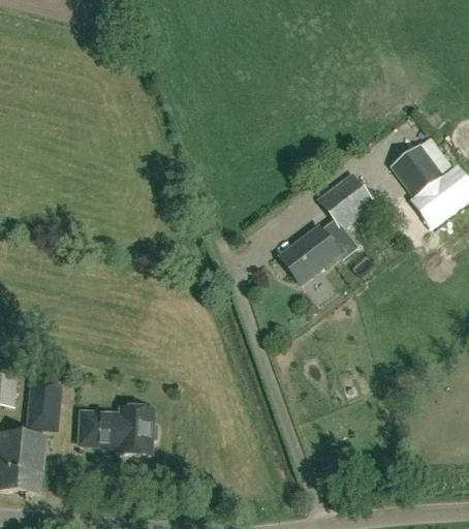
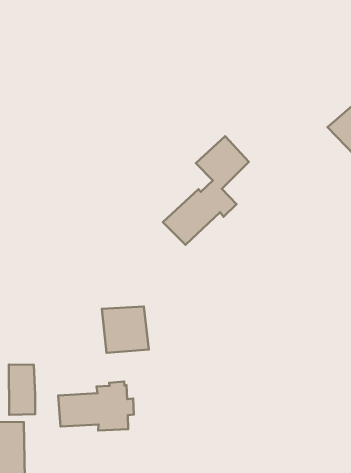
building: [279,175,374,282] -> [163,136,249,245]
building: none -> [102,306,149,353]

